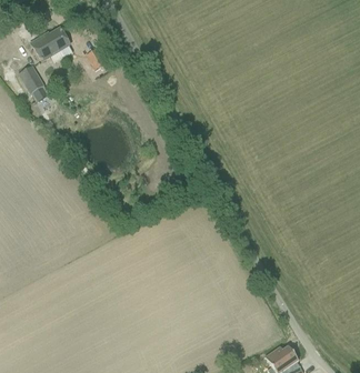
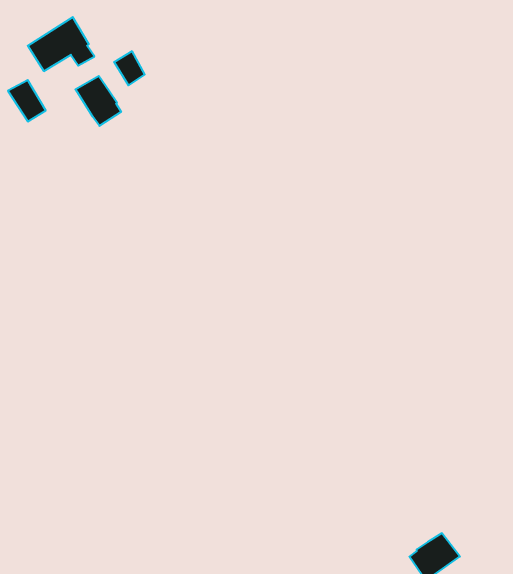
building: none -> [75,76,121,126]

